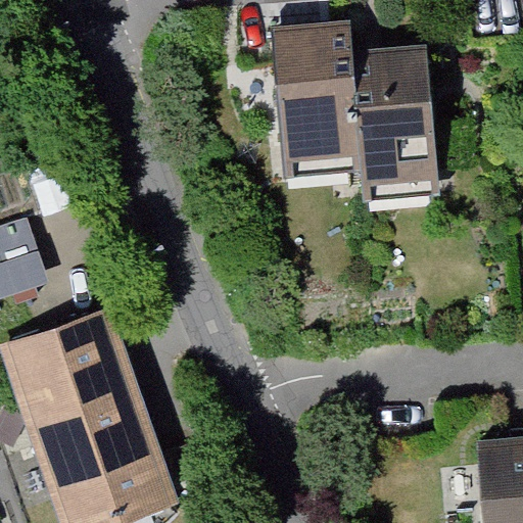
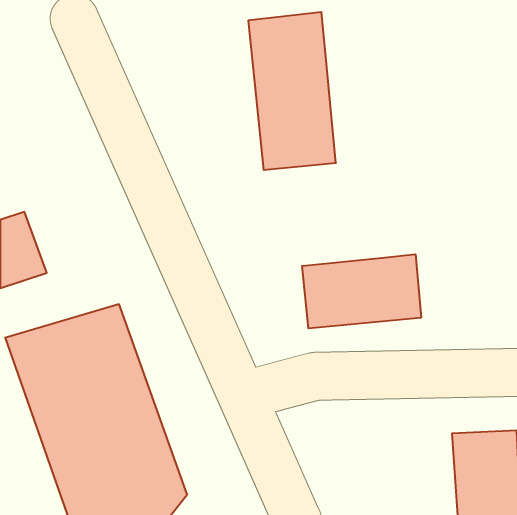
building: [330,56,415,217] -> none
building: none -> [302,254,421,328]

